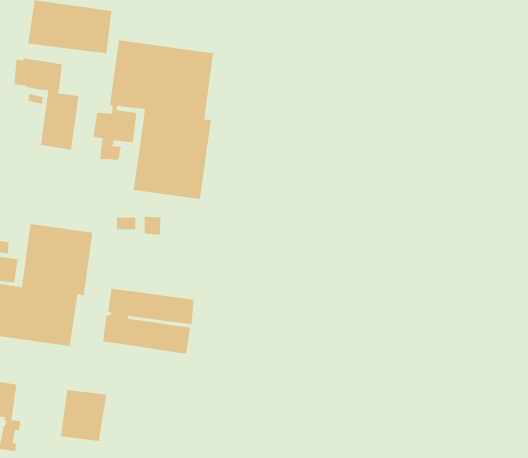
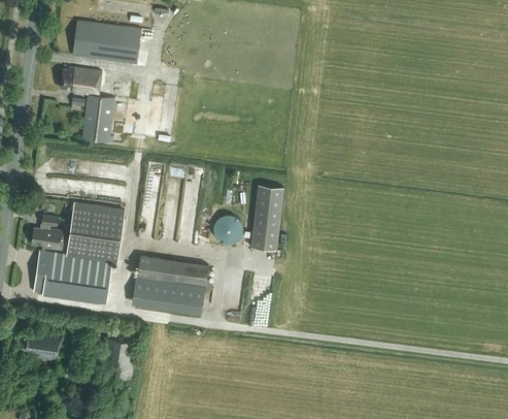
building: [93,40,214,200] -> none
building: none -> [250,185,283,250]
building: none -> [213,215,243,244]

